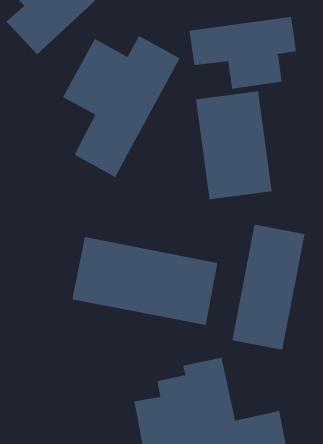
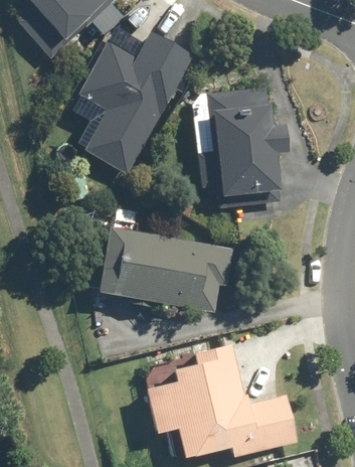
building: [189,16,296,89] -> none
building: [232,224,305,351] -> none

